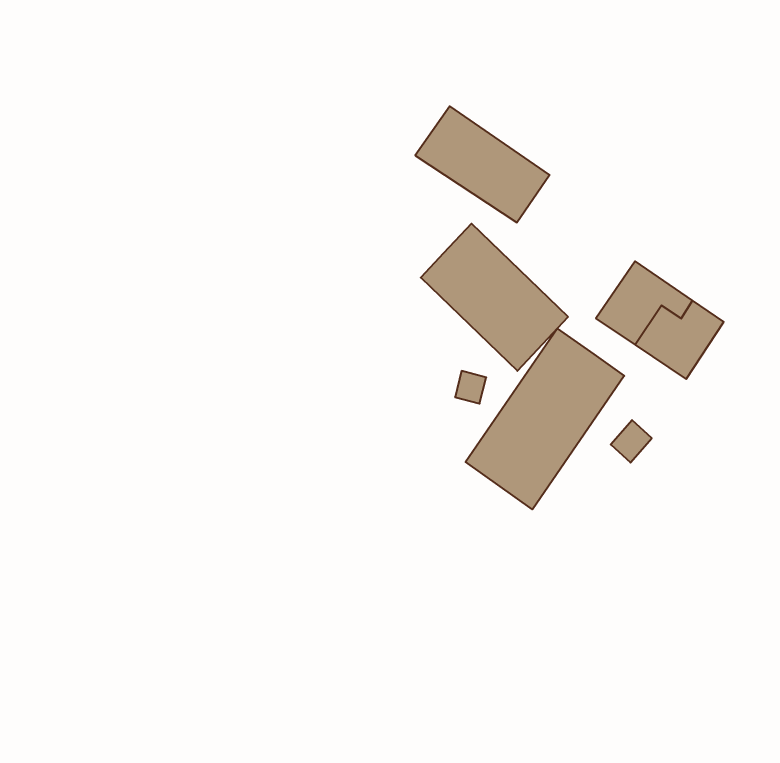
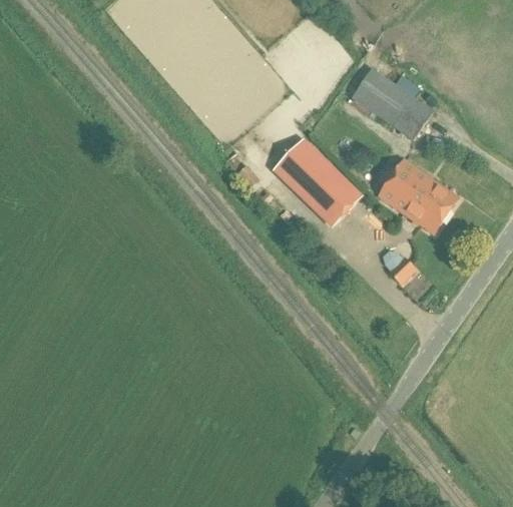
building: [415,106,550,222] -> [351,68,433,139]
building: [466,328,624,509] -> none

